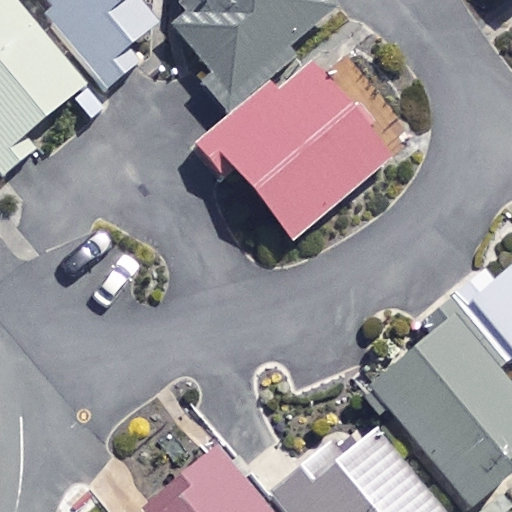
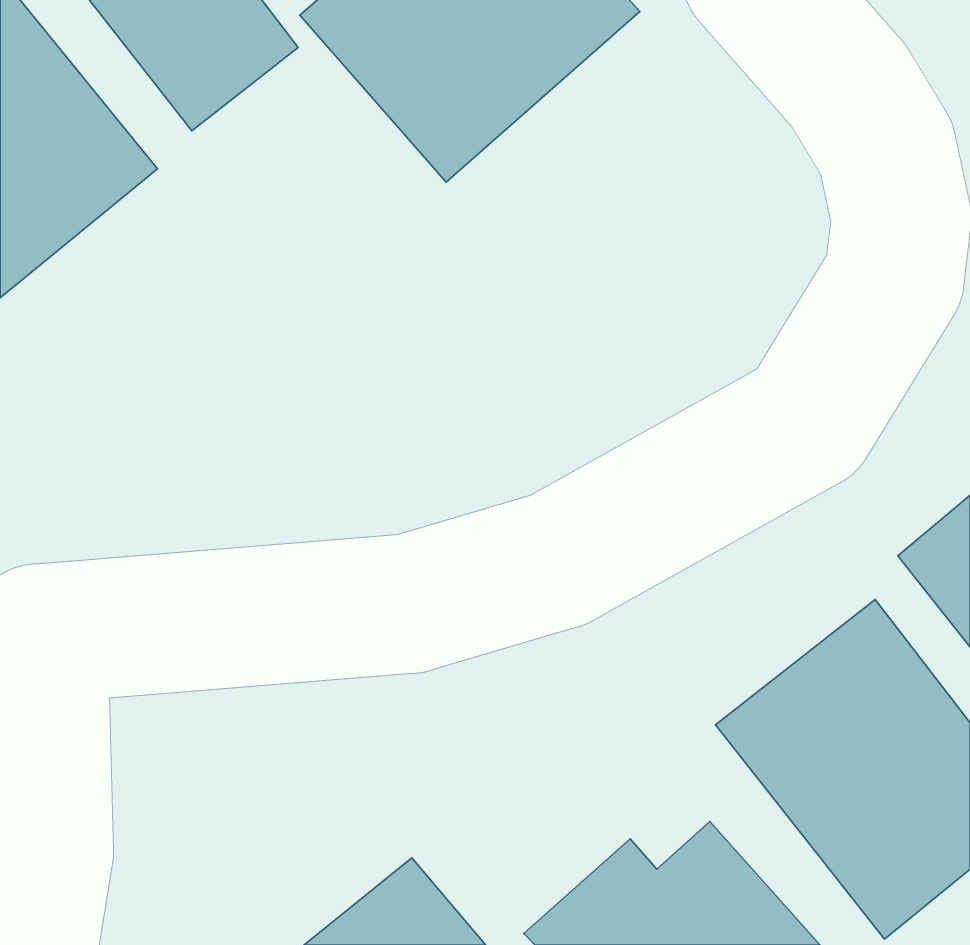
building: [204,62,393,239] -> none

